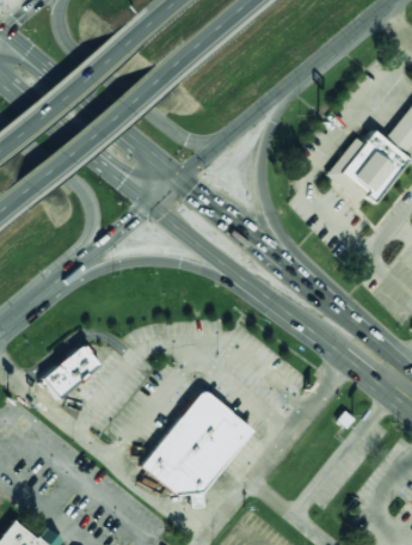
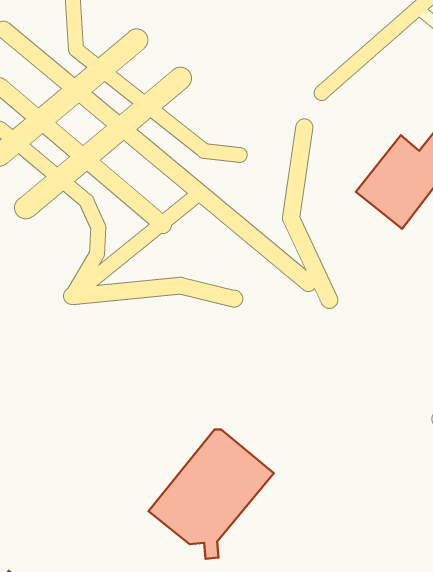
building: [43,343,100,397] -> none

